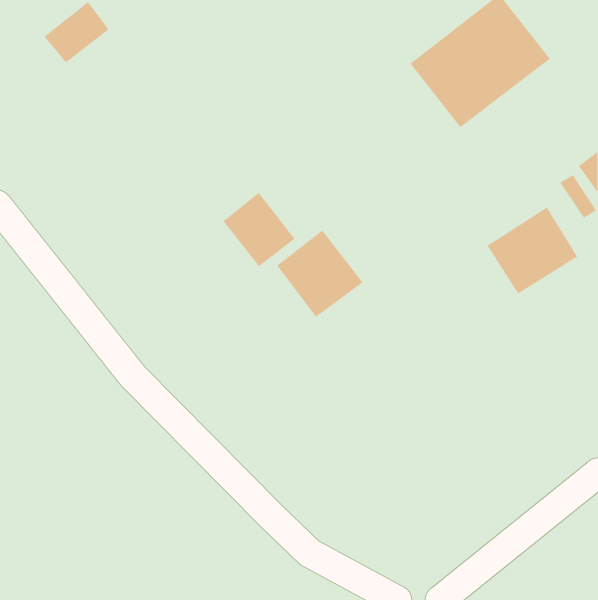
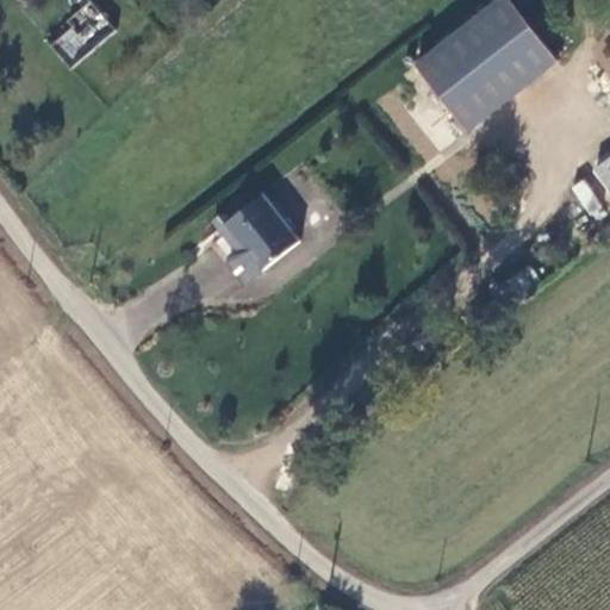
building: [486,207,578,294] -> none
building: [276,230,363,318] -> none

